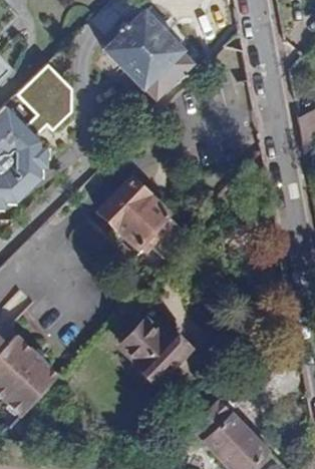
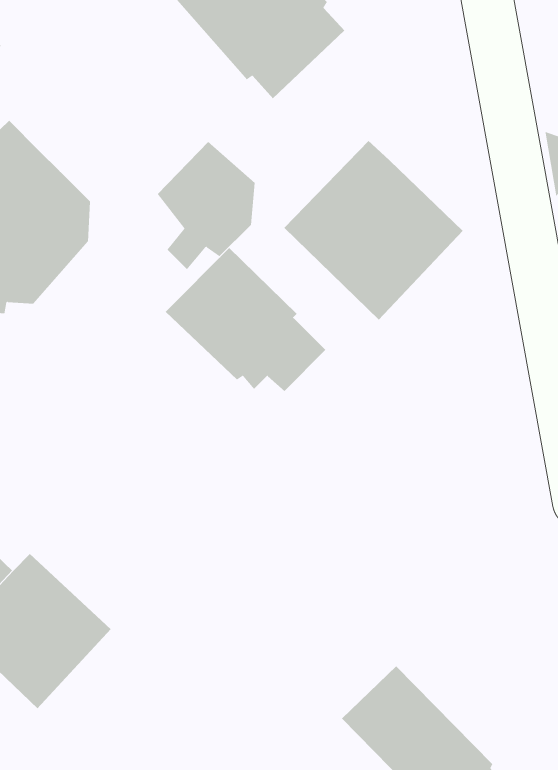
building: [21,65,73,133] -> [157,141,256,270]
building: none -> [284,140,463,321]
building: [117,318,185,378] -> none

